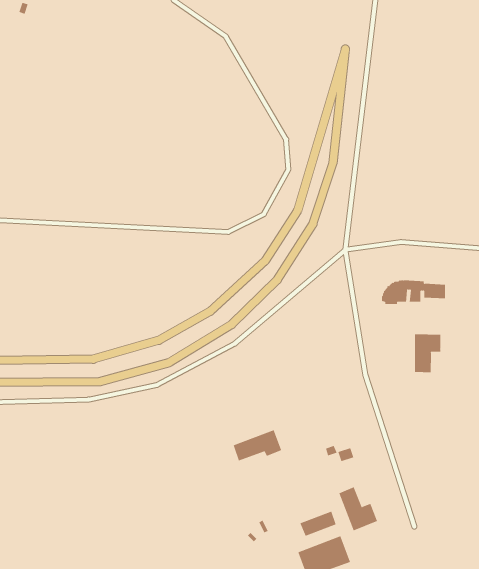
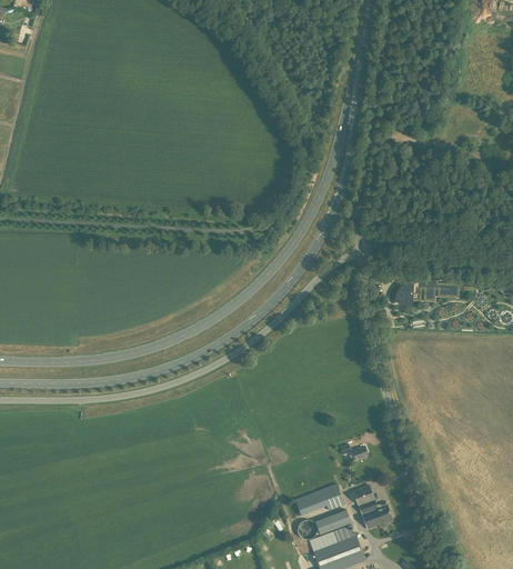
building: [415,334,441,373] -> none
building: [233,430,282,462] -> [294,483,343,516]

